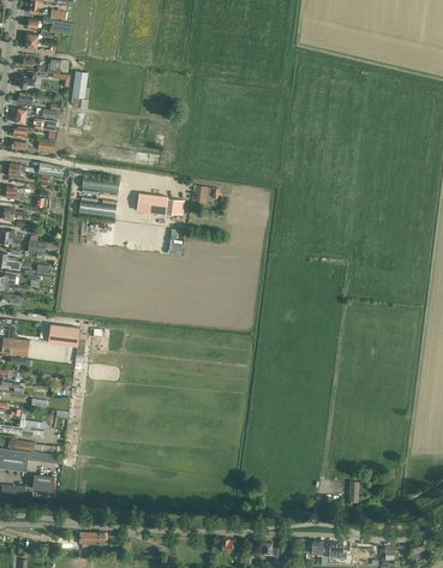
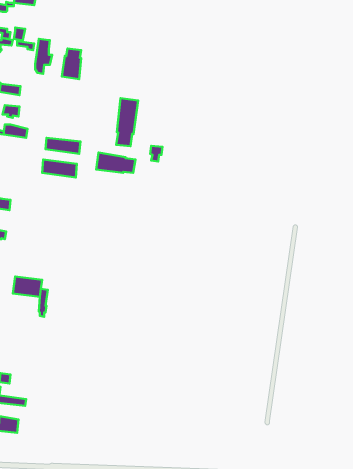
building: none -> [62,48,81,79]
building: none -> [116,98,138,146]

